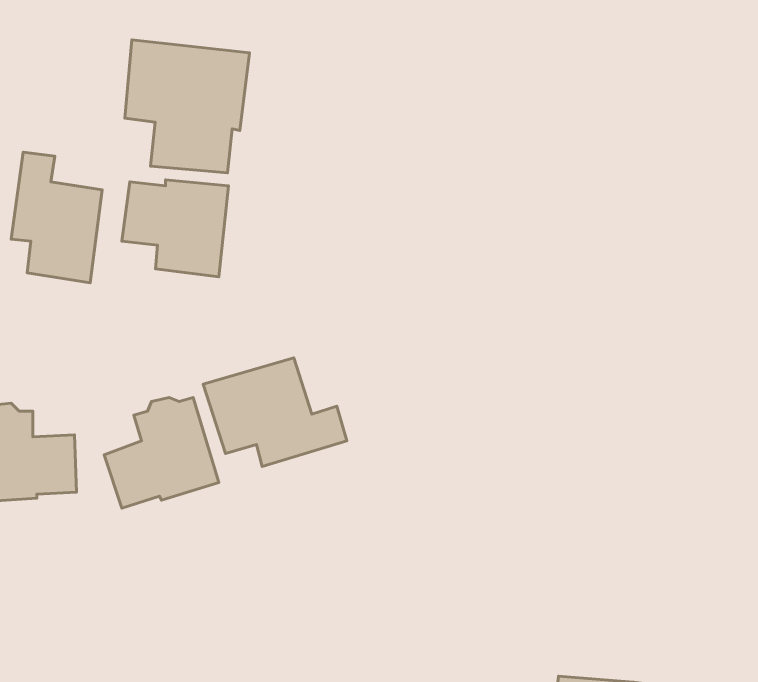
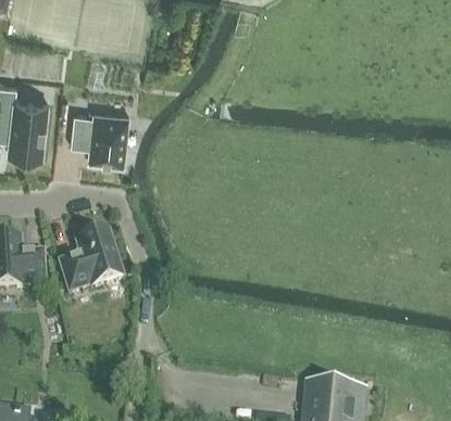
building: [125,40,249,173] -> none
building: [203,358,347,466] -> none

